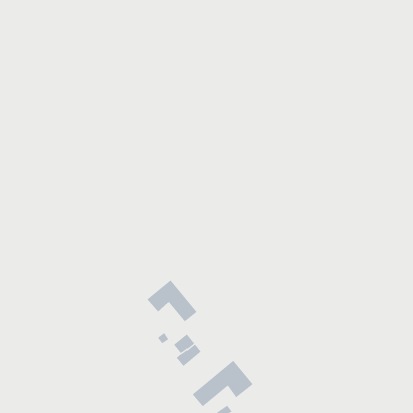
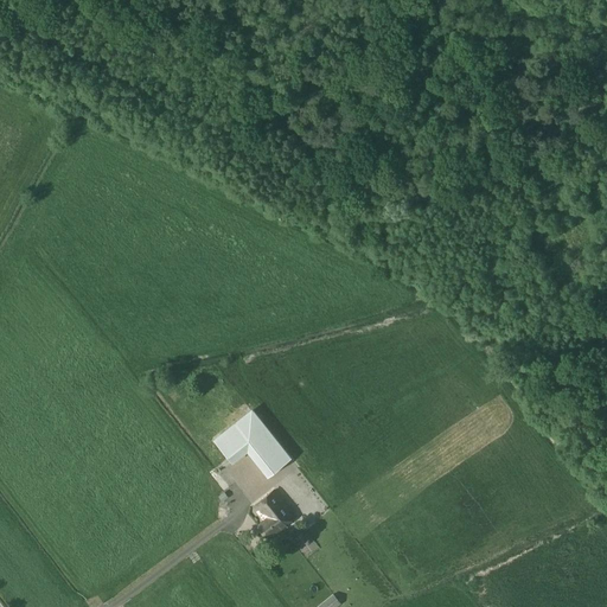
building: [192,360,254,407] -> none

